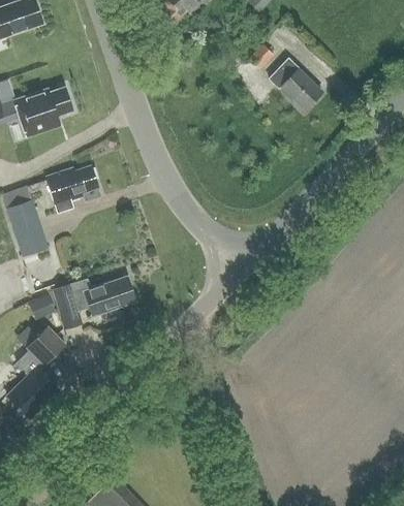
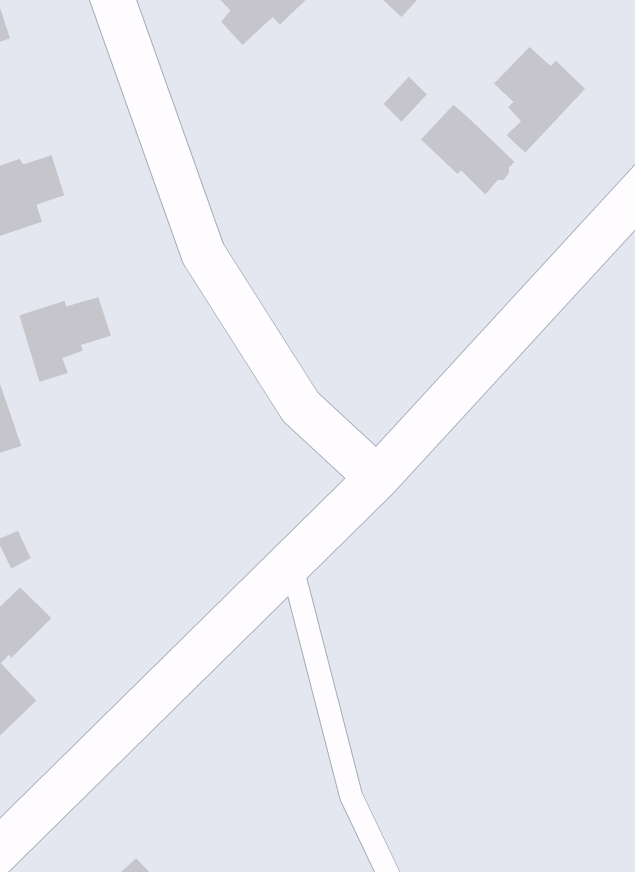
building: none -> [493,46,586,154]
building: [54,278,136,327] -> none

